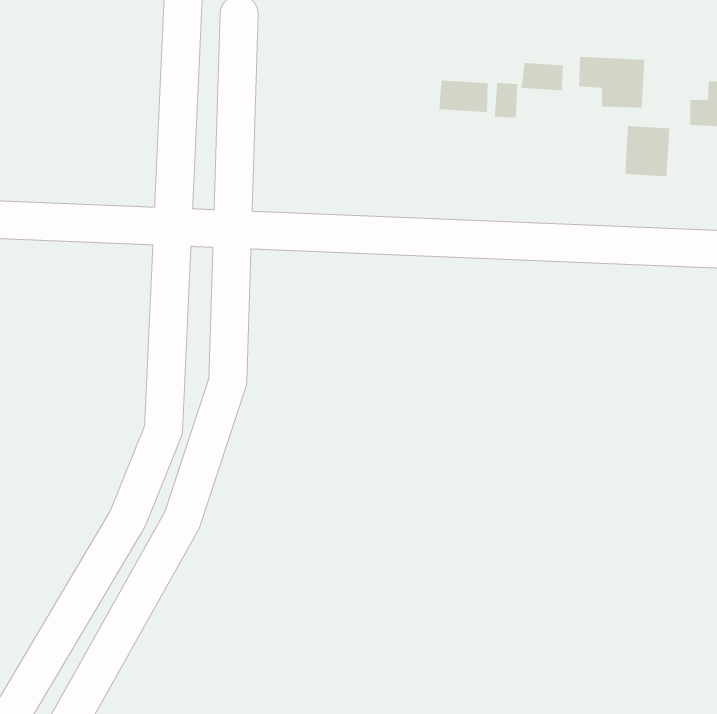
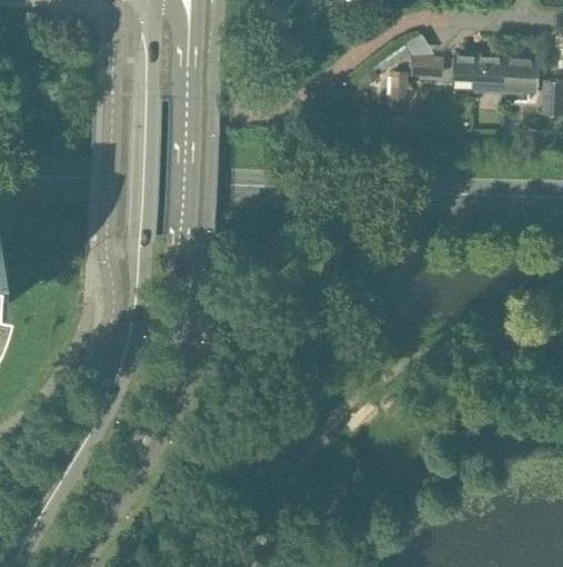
building: [439,80,488,113] -> none
building: [624,125,670,177] -> [503,57,539,97]

